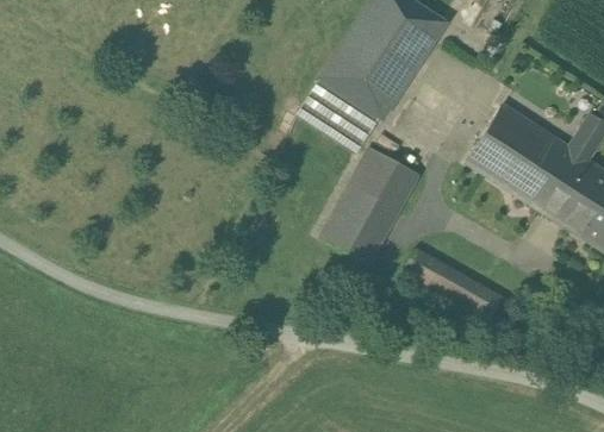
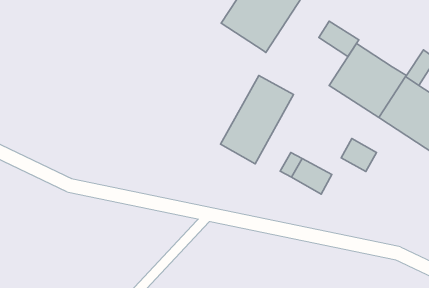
building: none -> [319,21,359,57]
building: [299,76,379,149] -> none
building: [456,278,504,323] -> [341,138,377,171]

